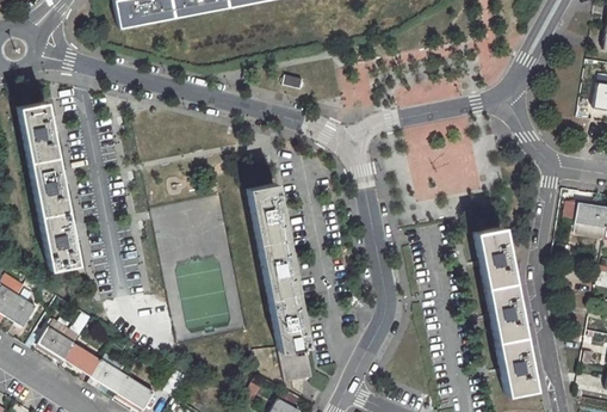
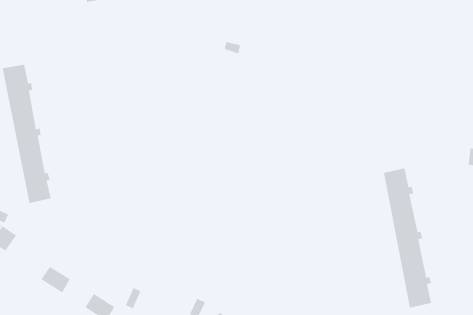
building: [248,184,314,382] -> none
building: [39,327,76,361] -> none
building: [92,361,129,394] -> none

